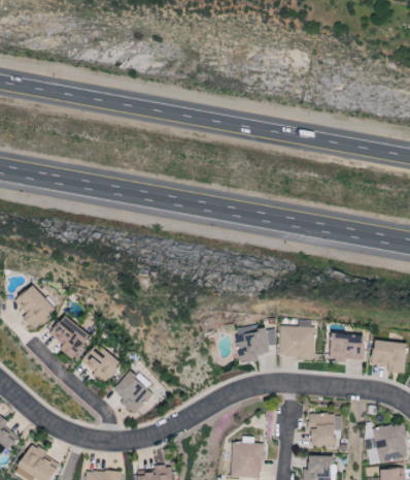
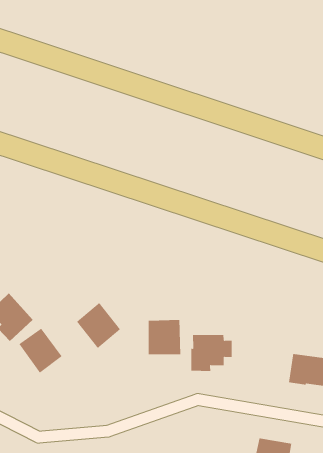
building: none -> [148,319,181,355]
building: [278,326,314,358] -> none
building: [112,370,153,412] -> [76,302,121,349]

